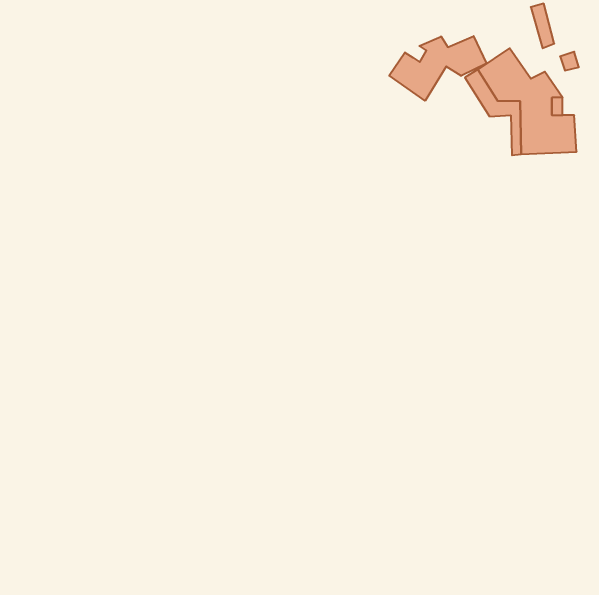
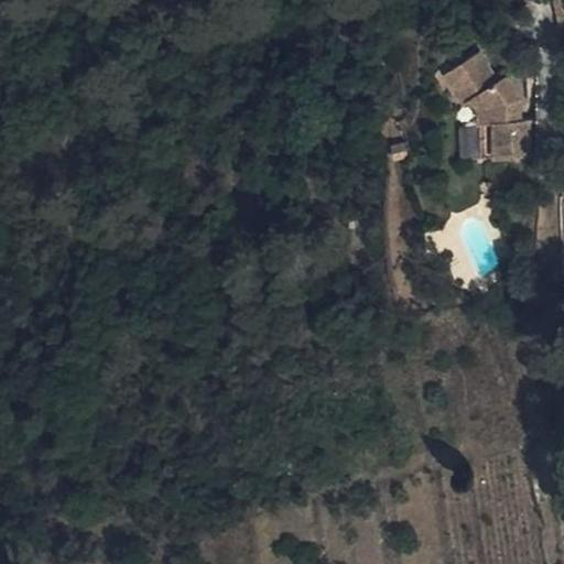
building: [389,36,486,101] -> none

